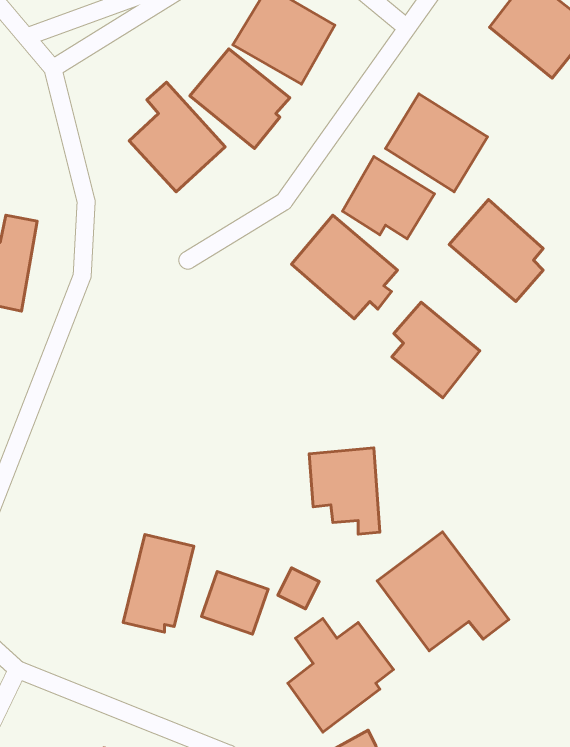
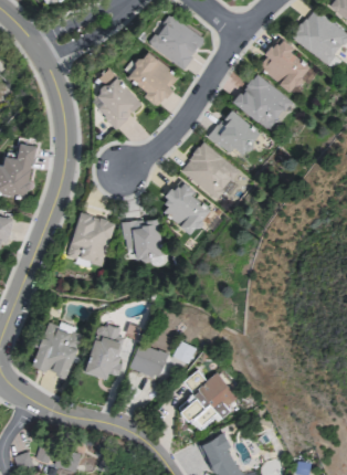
building: [449,200,543,301] -> [257,40,311,97]
building: [392,302,480,398] -> [162,182,212,236]
building: none -> [67,212,115,265]
building: [309,448,380,534] -> [123,219,162,267]
building: none -> [34,320,80,378]
building: [377,532,509,651] -> none

